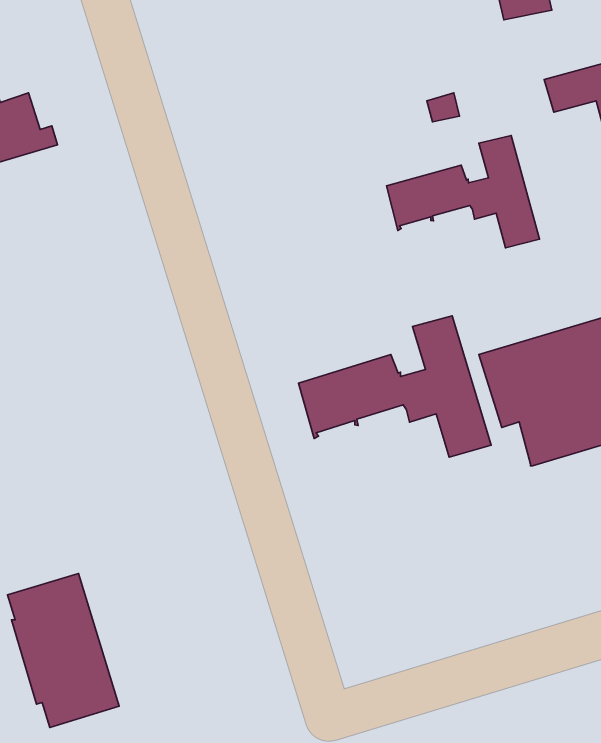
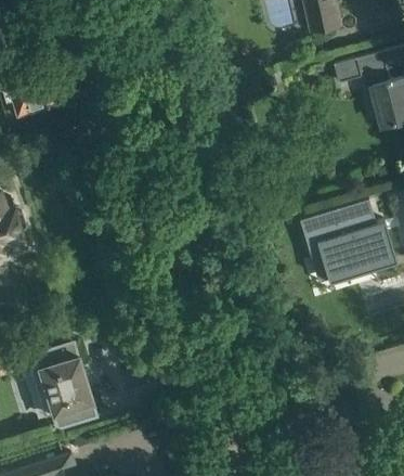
building: [386,135,539,248] -> none
building: [298,316,491,457] -> none

